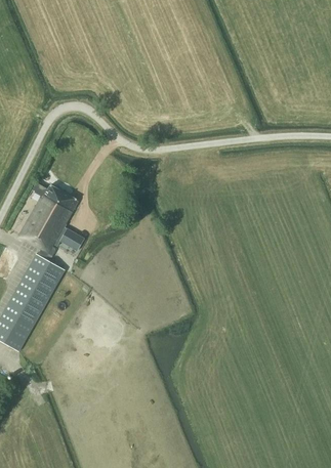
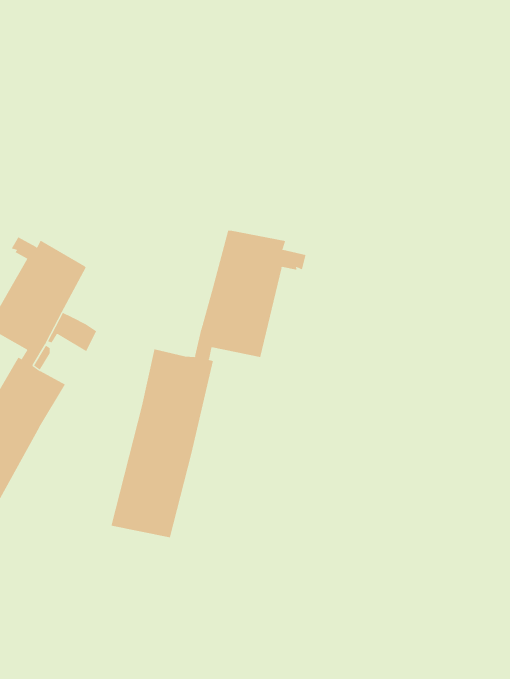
building: none -> [111,230,306,538]

